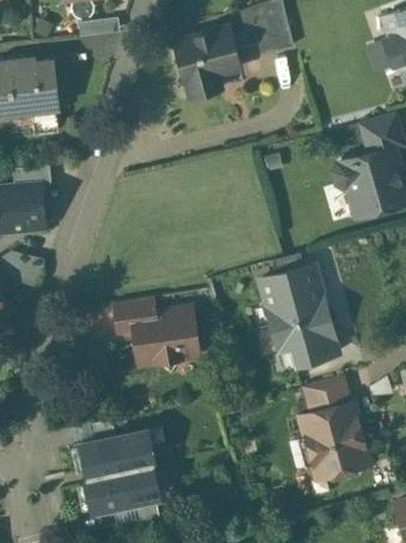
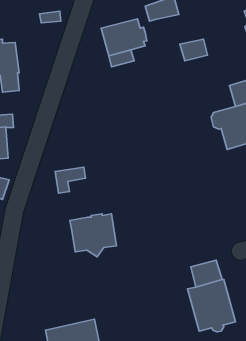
building: [253,24,292,56] -> [180,39,208,61]
building: [253,266,341,371] -> none
building: [112,299,156,336] -> [55,167,85,193]
building: [87,426,166,476] -> none

